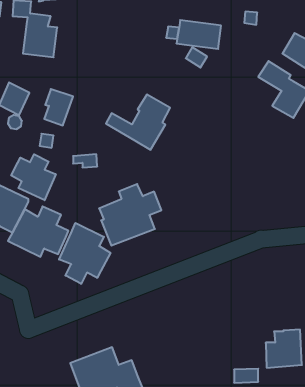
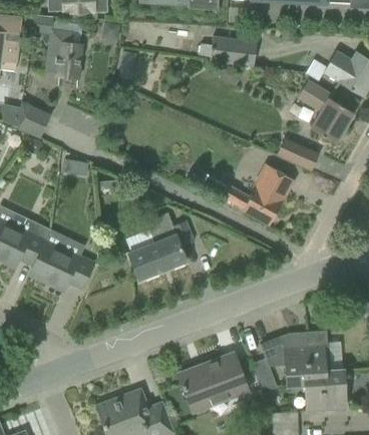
building: [106,95,170,150] -> [223,164,292,224]
building: none -> [279,139,319,169]
building: [11,154,56,200] -> none
building: [59,223,110,284] -> none
building: none -> [254,331,328,388]
building: none -> [179,354,249,411]

